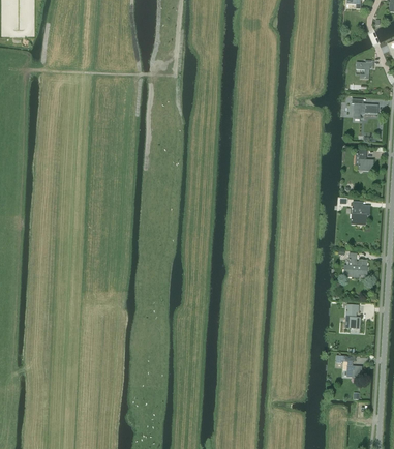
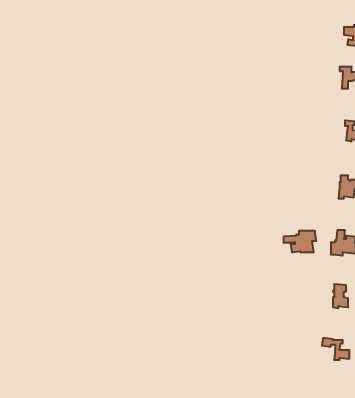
building: none -> [284,231,316,253]

